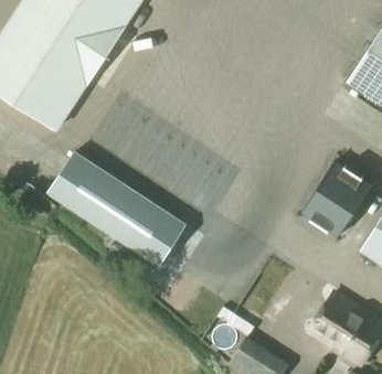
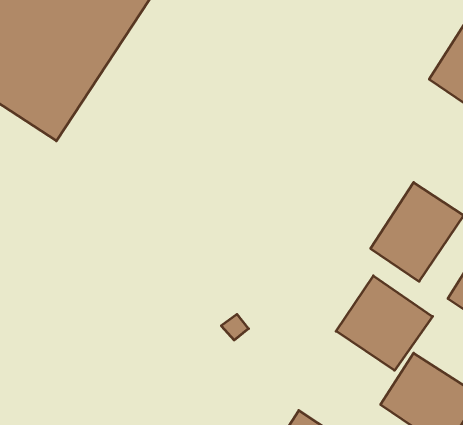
building: [47,152,184,265] -> none
building: none -> [336,276,433,370]

